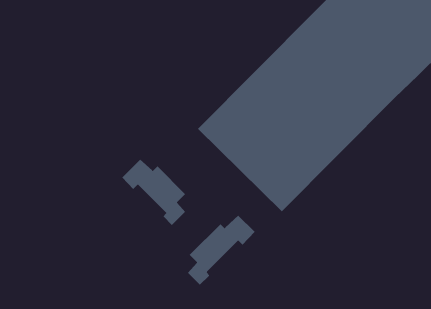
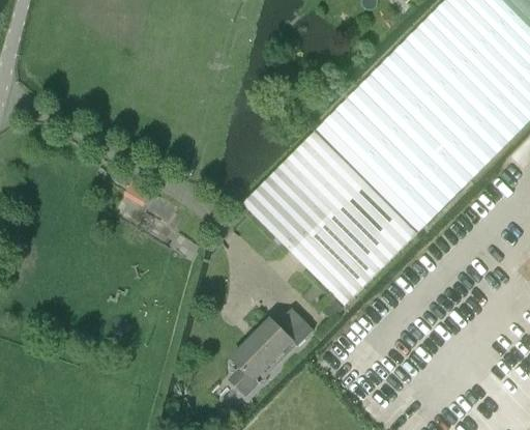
building: [122,159,186,226] -> none

